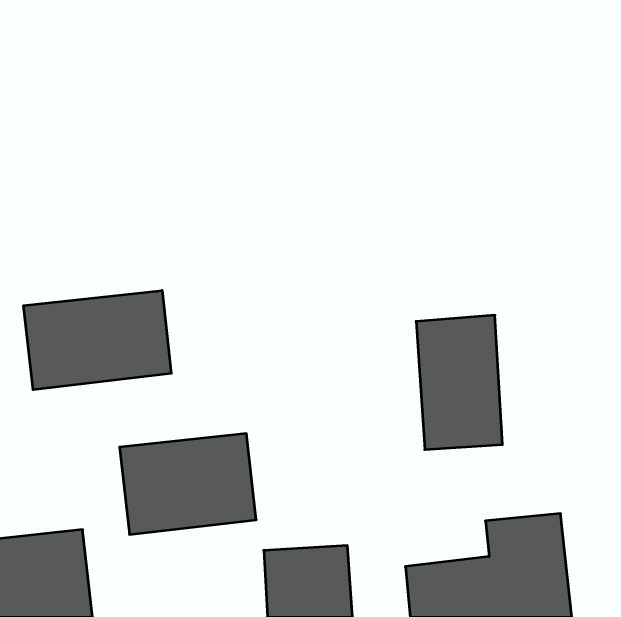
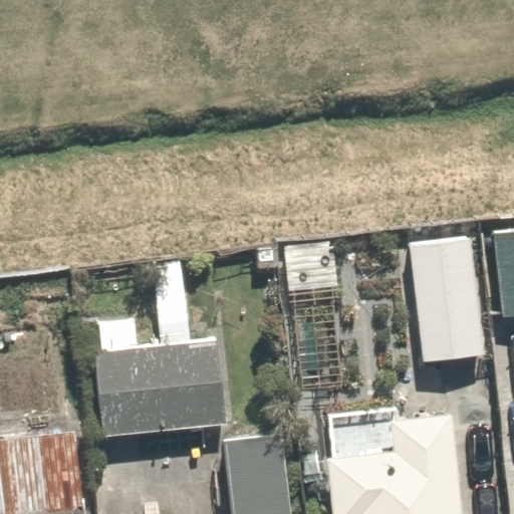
building: [24,290,171,390] -> none
building: [416,315,502,450] -> [411,249,481,358]

